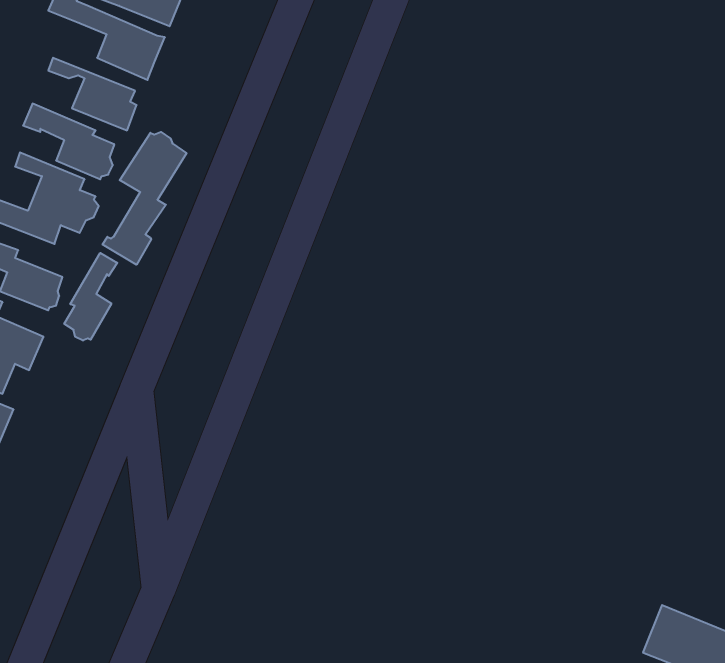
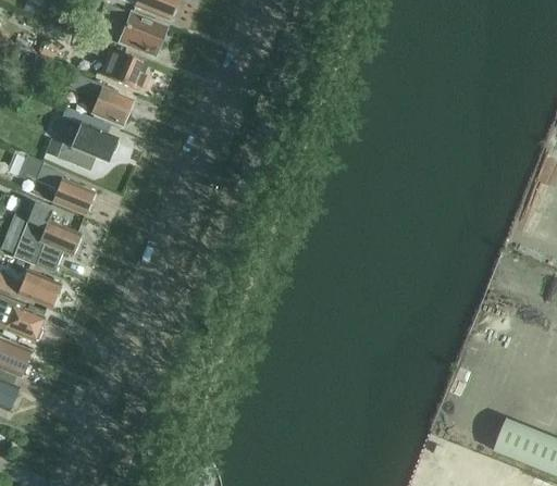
building: [103,132,187,265] -> none
building: [64,253,117,341] -> none

